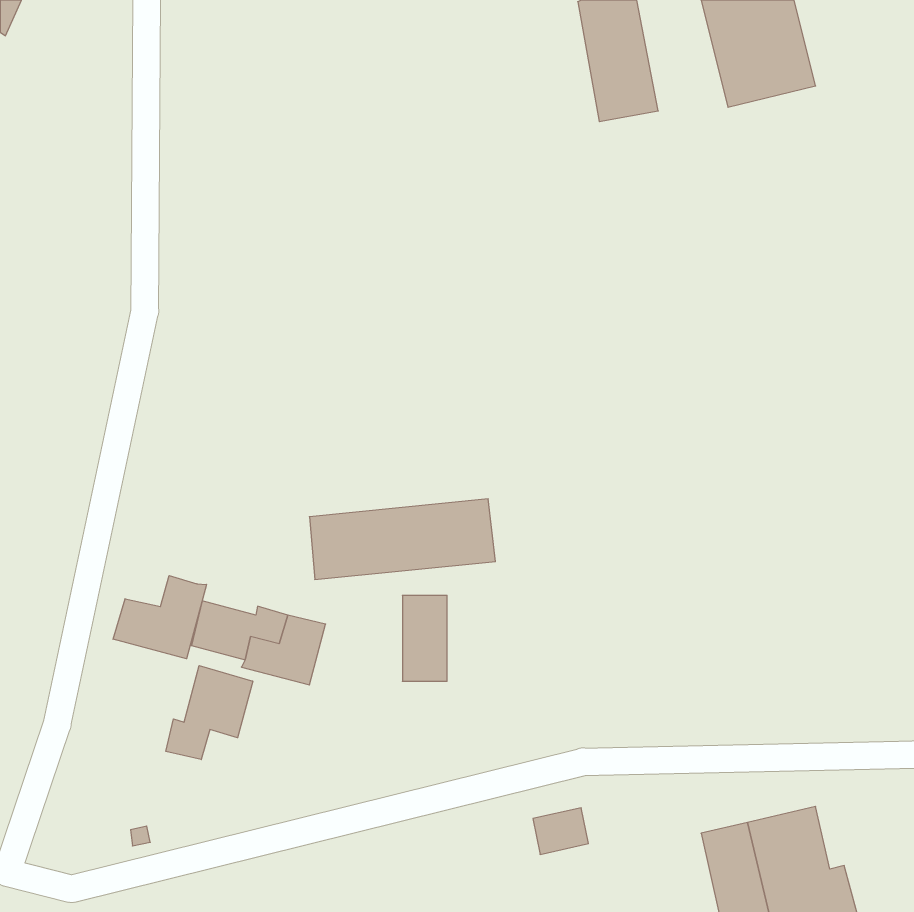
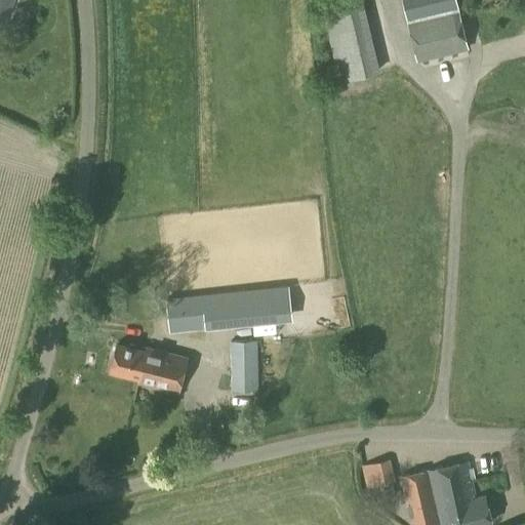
building: [113,576,206,659] -> none
building: [166,666,253,760] -> none
building: [533,808,588,854] -> [362,461,394,488]

